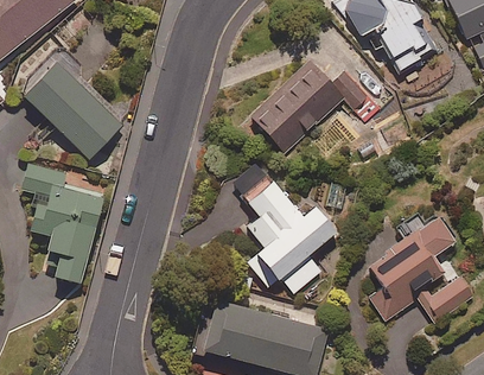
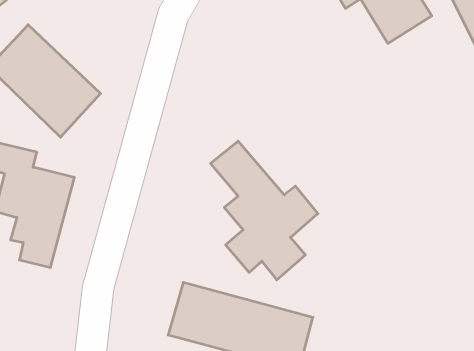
building: [250,61,382,153] -> none
building: [365,214,476,325] -> none

